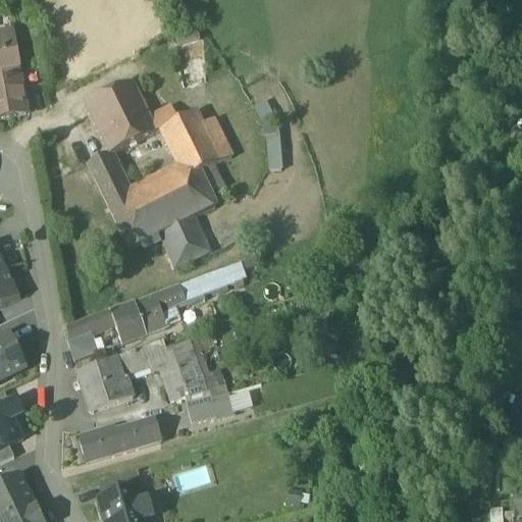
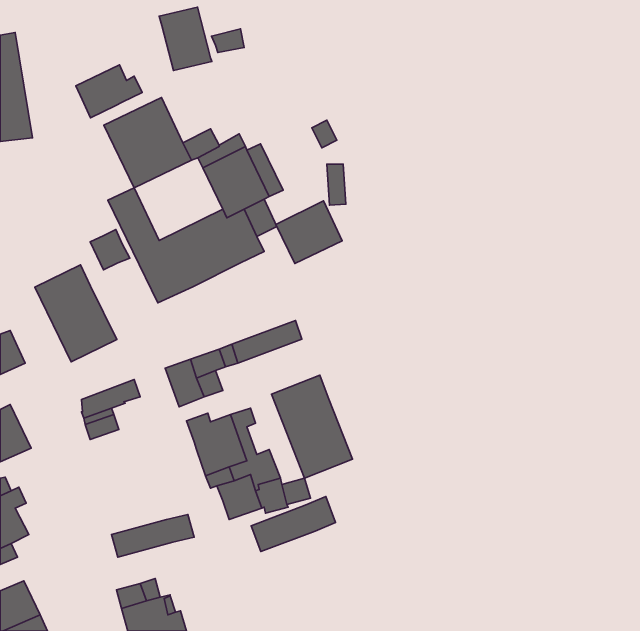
building: none -> [159,7,212,71]
building: none -> [76,65,142,118]
building: none -> [90,229,130,270]
building: [157,214,211,265] -> [276,201,342,263]
building: none -> [35,265,117,362]
building: [109,300,146,341] -> none
building: none -> [271,375,353,478]
building: [75,343,158,408] -> none
building: none -> [251,497,335,552]

